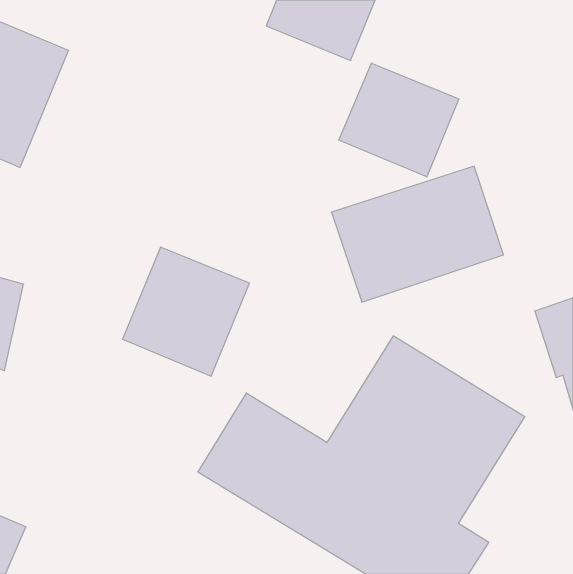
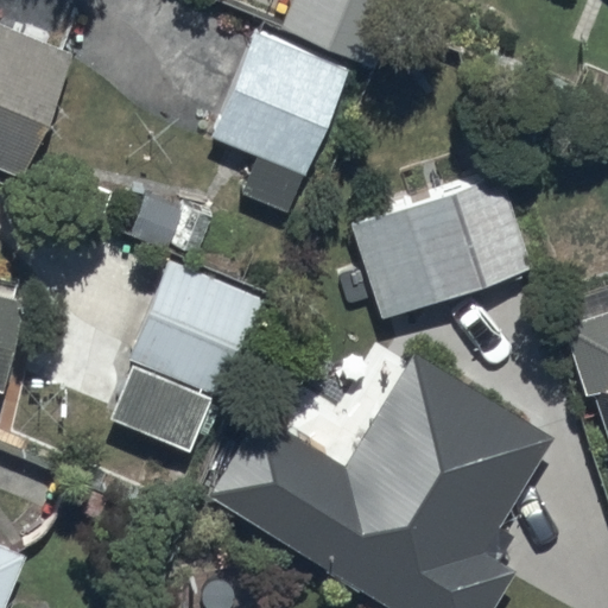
building: none -> [211,33,348,214]
building: [339,63,459,177] -> none

